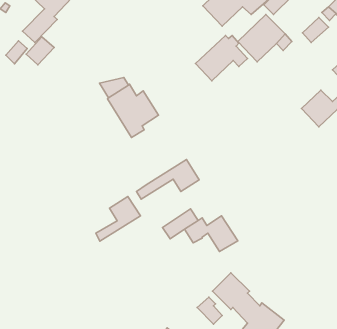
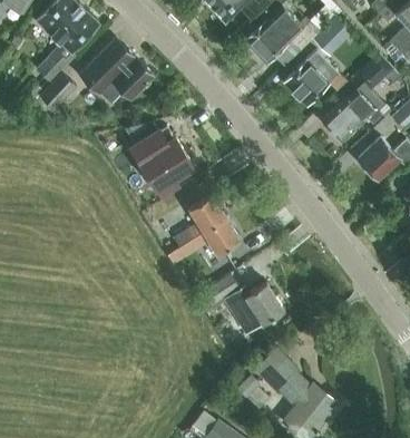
building: none -> [80,39,154,104]
building: [196,35,248,81] -> [322,89,382,142]
building: [96,197,140,241] -> [174,196,225,247]

